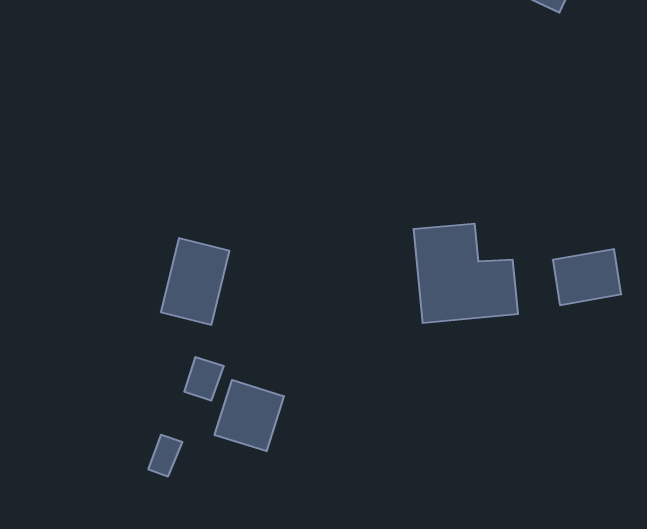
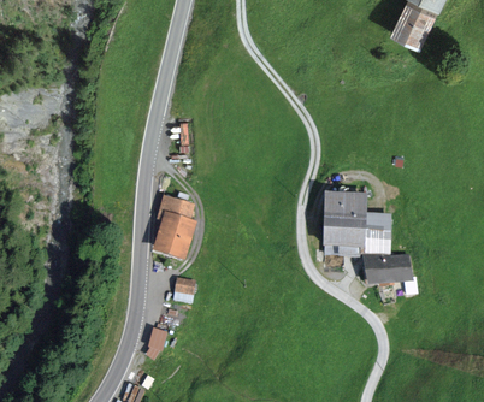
building: [553,249,621,305] -> [365,250,411,288]
building: [215,380,284,451] -> none

